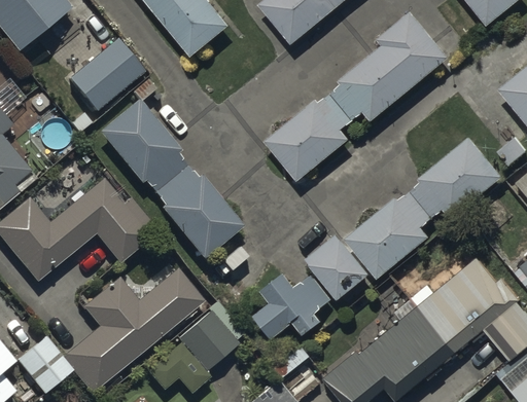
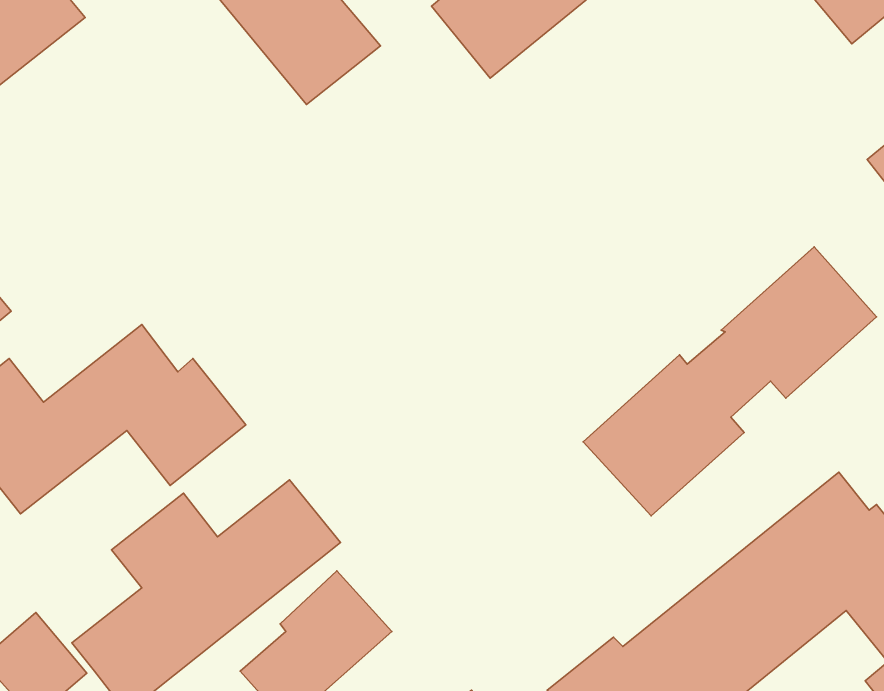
building: [264,10,450,183] -> none
building: [68,39,144,111] -> none
building: [98,99,244,260] -> none
building: [251,235,371,342] -> none

